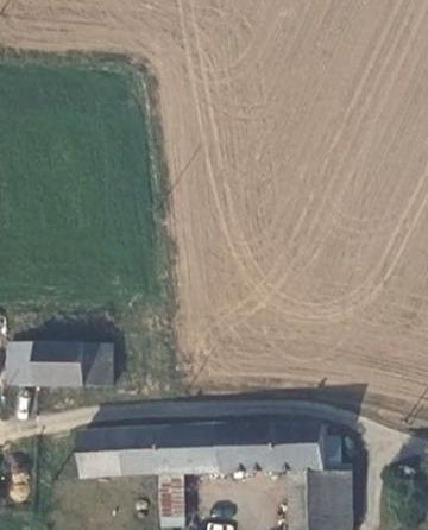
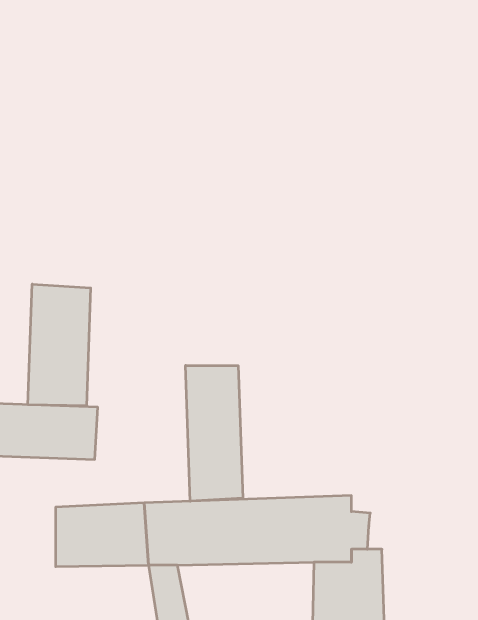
building: none -> [28,284,91,406]
building: none -> [186,365,243,501]

